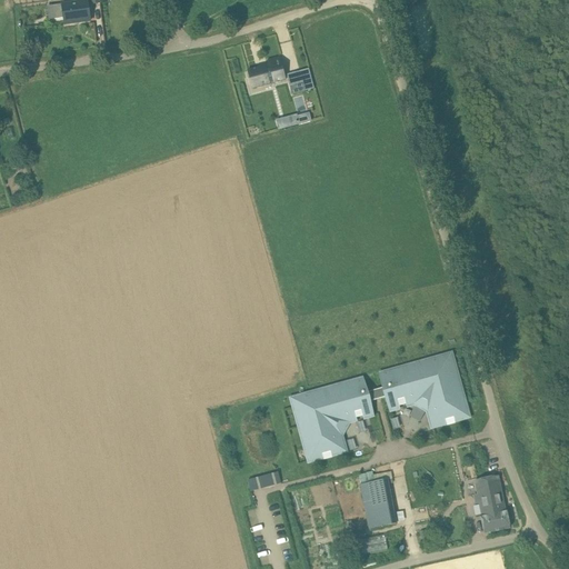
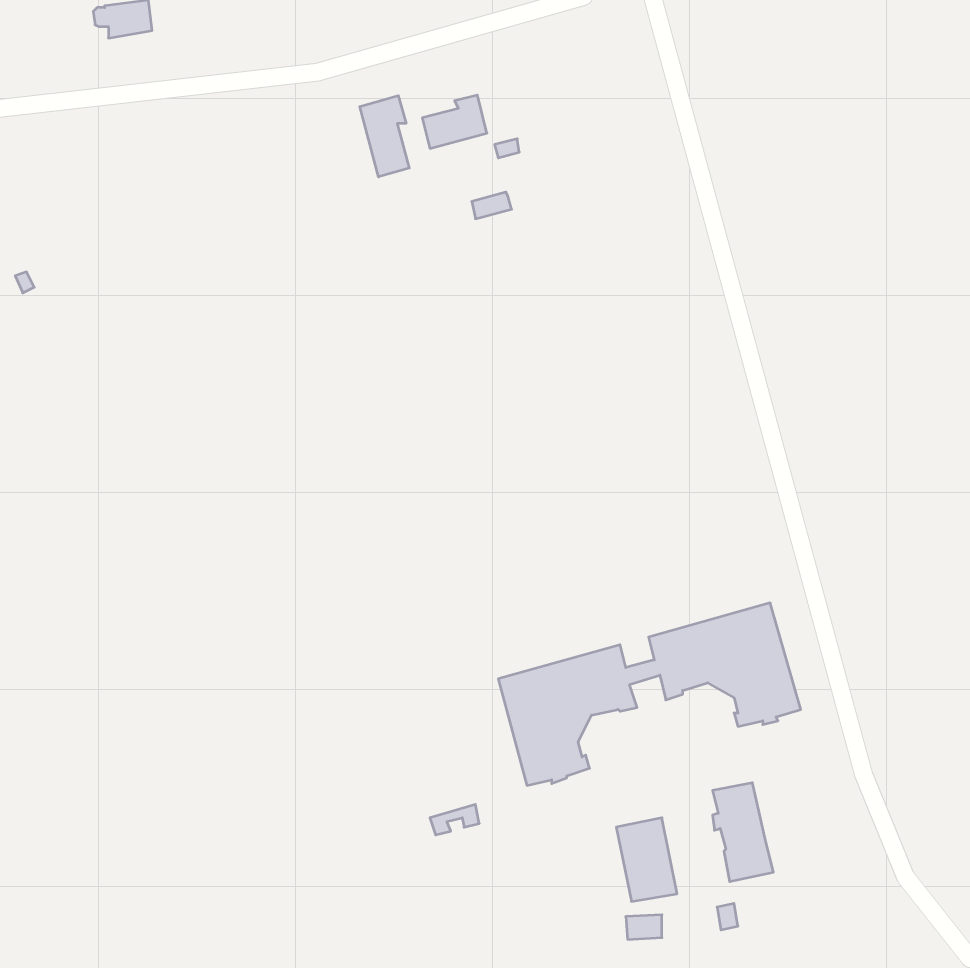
building: none -> [360,96,409,177]
building: [473,475,509,532] -> [713,783,773,882]

